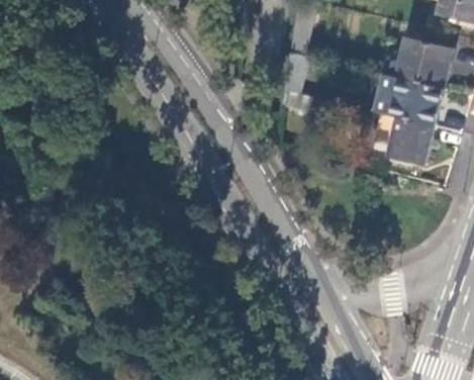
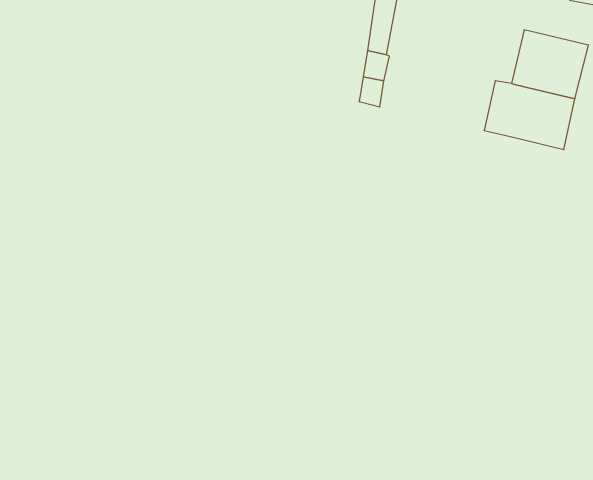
building: [387,116,434,165] -> none

